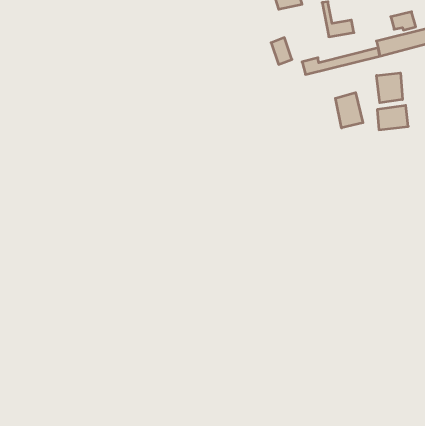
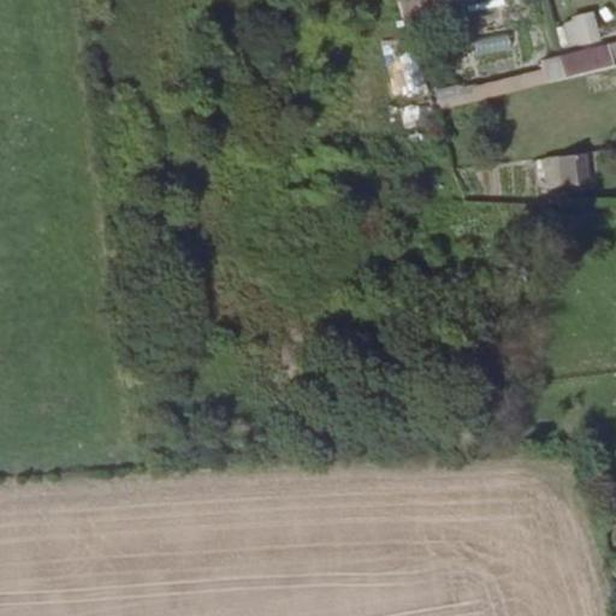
building: [377,73,402,103] -> none
building: [335,93,363,128] -> none

